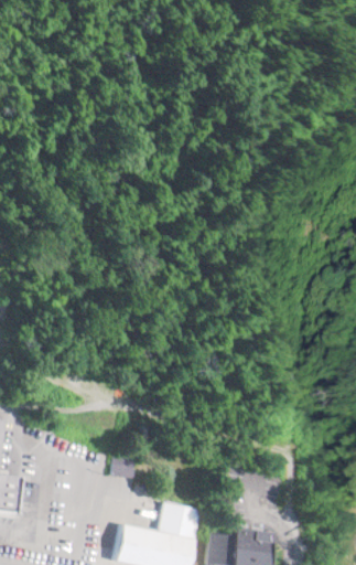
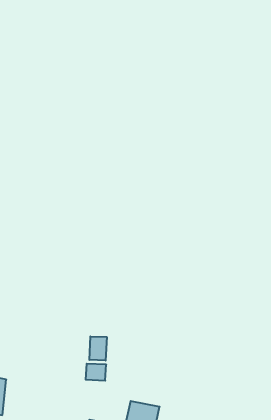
building: none -> [89,336,107,361]

